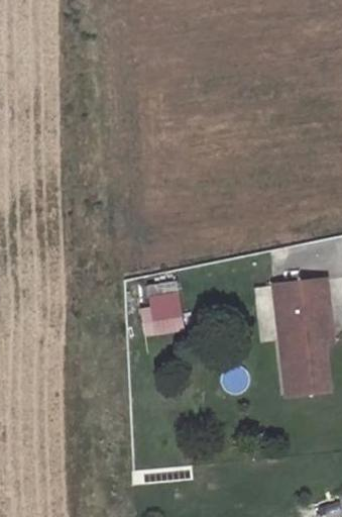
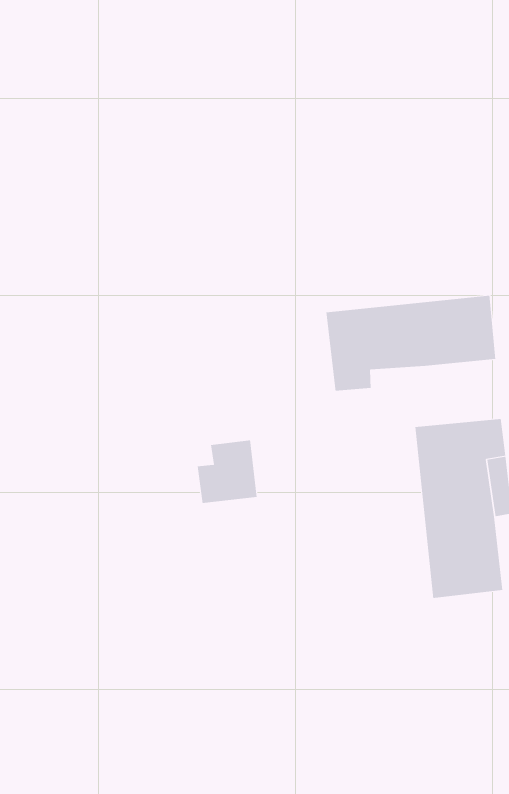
building: none -> [326,295,496,392]

